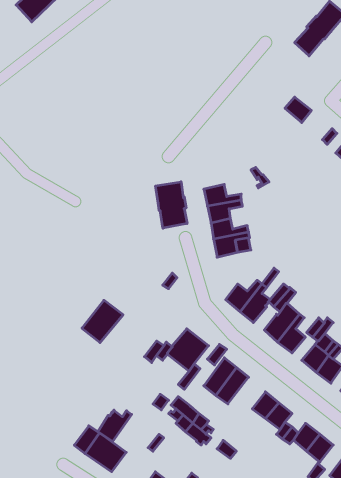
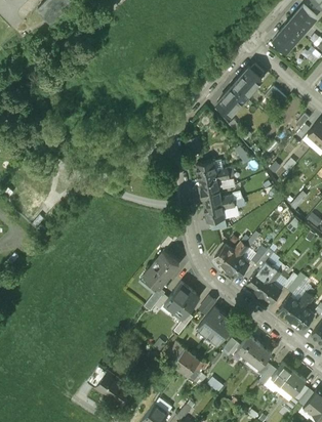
building: none -> [217,70,261,115]
building: [156,182,187,228] -> none
building: [82,300,123,343] -> [145,253,179,289]
building: [98,410,132,442] -> none

